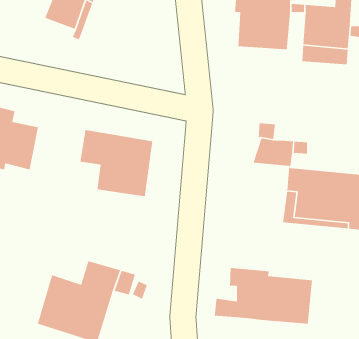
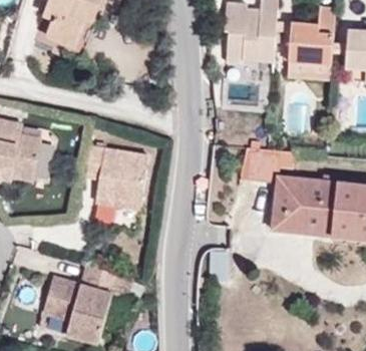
building: [214,267,313,324] -> none

